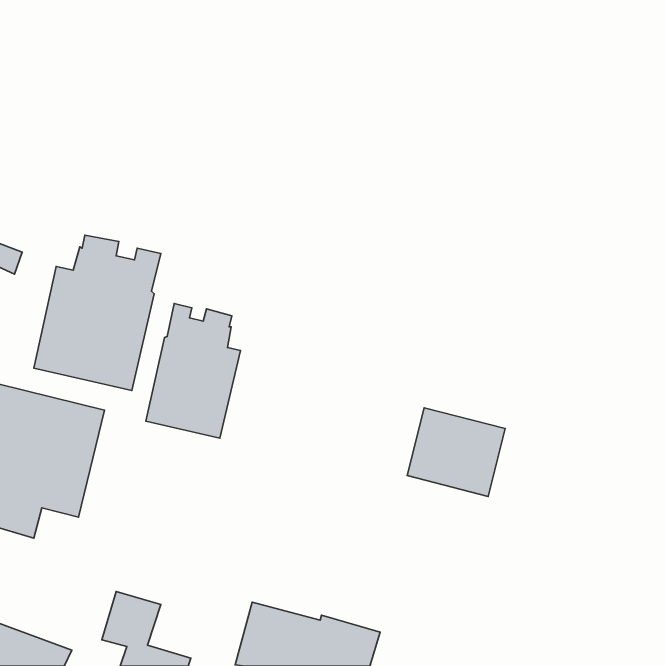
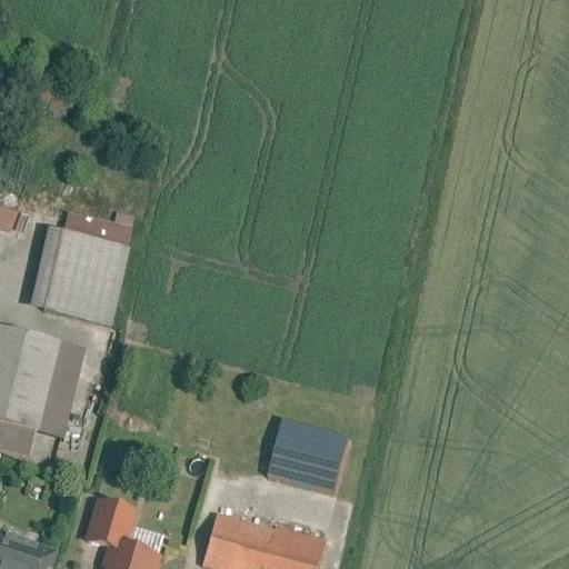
building: [146,304,240,438] -> none
building: [407,408,505,497] -> [260,420,343,496]

